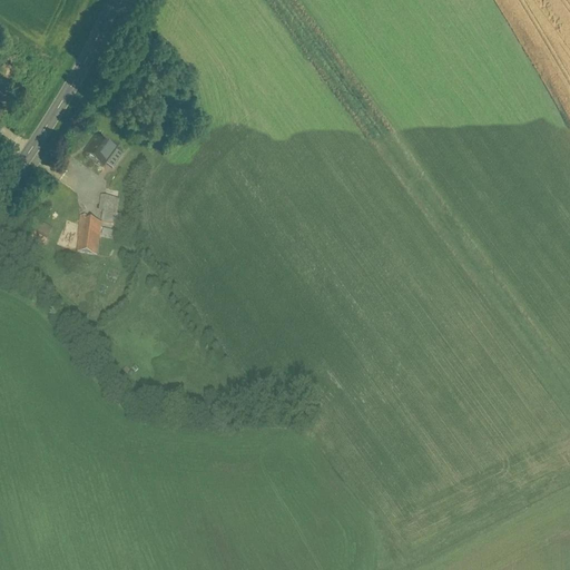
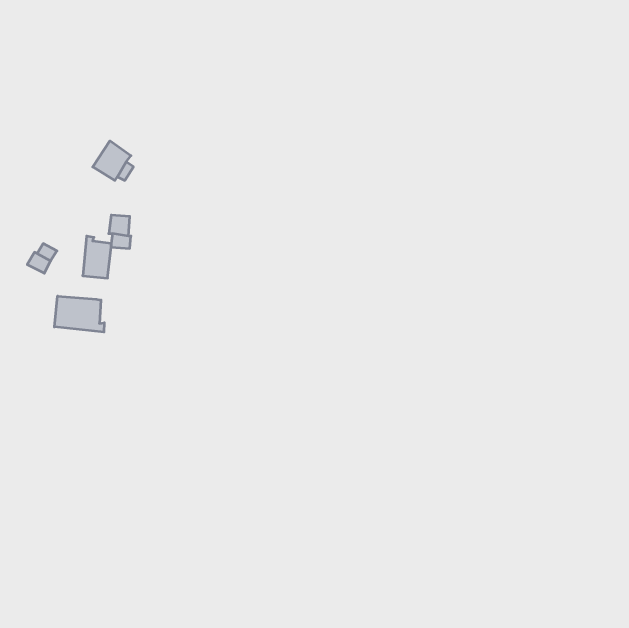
building: none -> [54,296,104,332]

